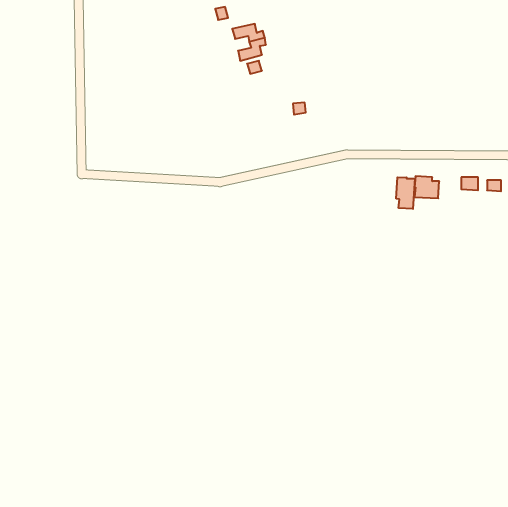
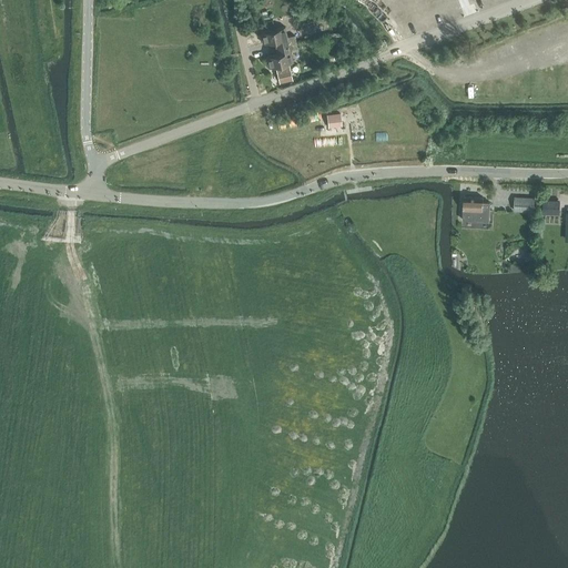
building: [396,177,415,209] -> none

